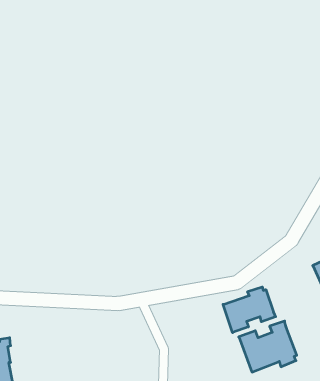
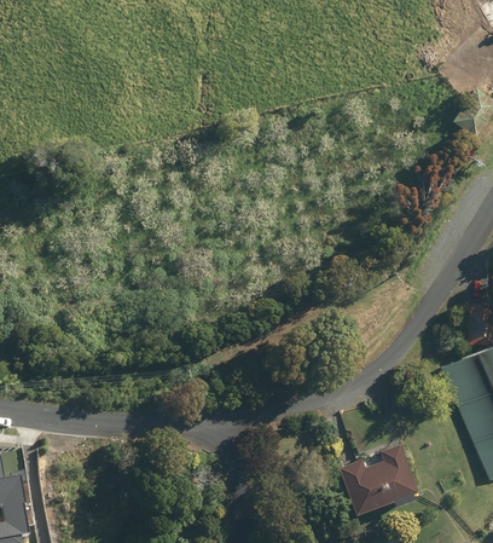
building: [223,287,276,333] -> none

